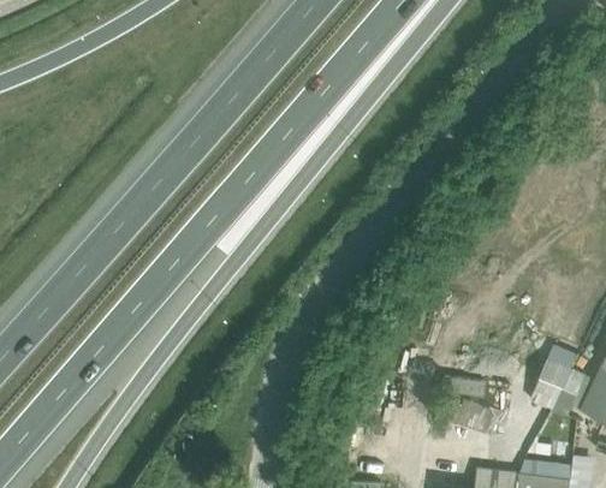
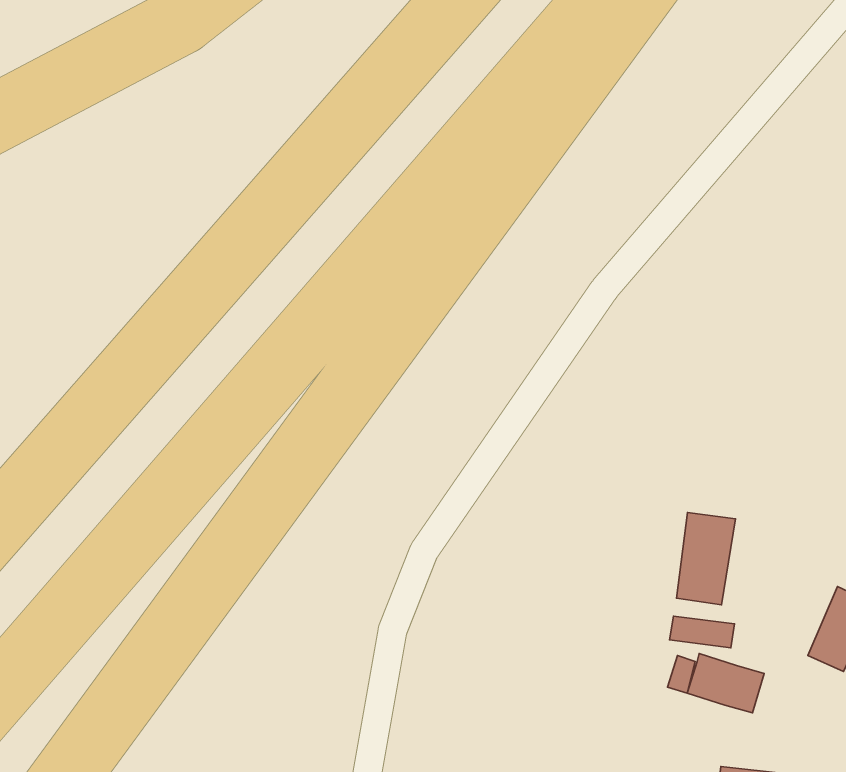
building: none -> [677,513,736,605]

